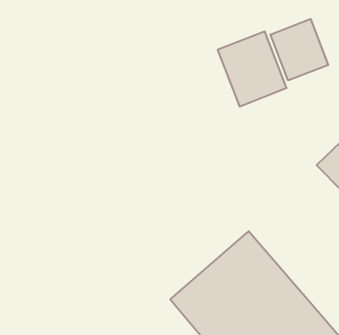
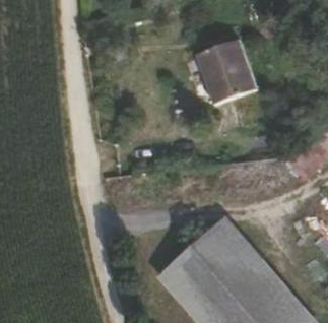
building: [270,19,328,80] -> none

